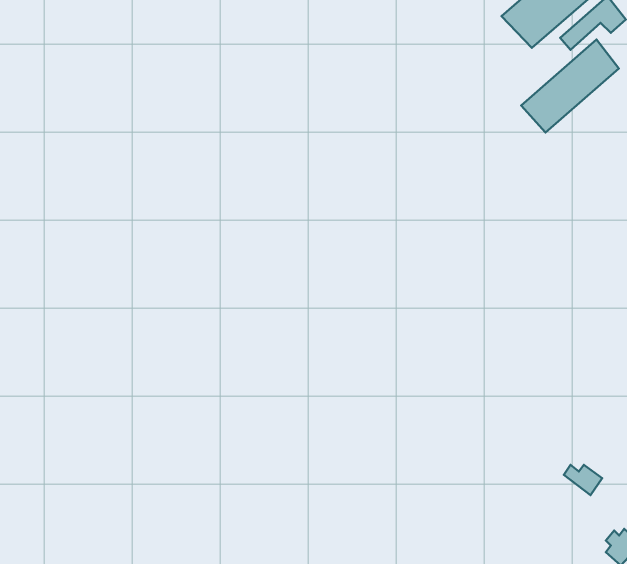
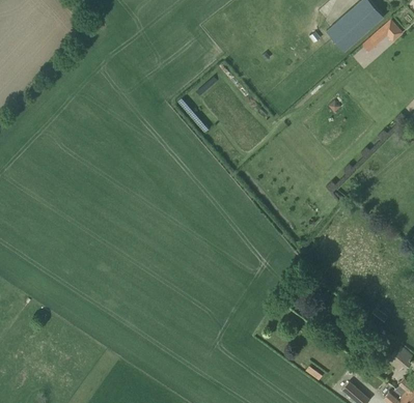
building: [521,40,619,133] -> none

